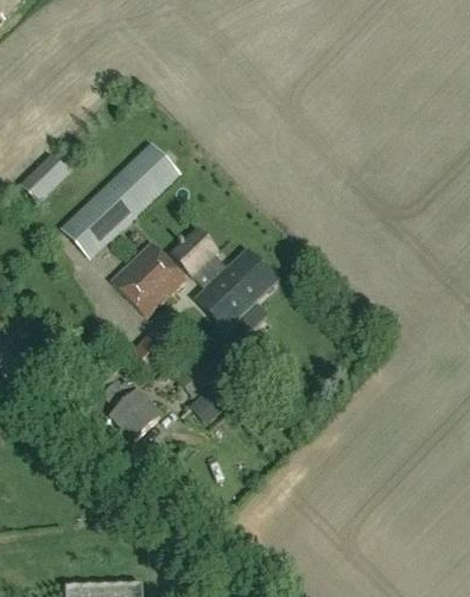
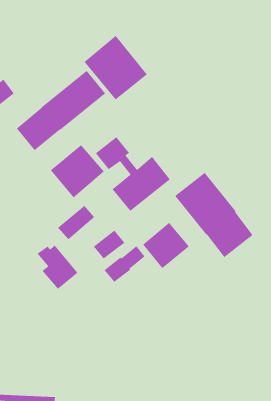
building: none -> [83,35,148,100]
building: none -> [174,172,254,258]
building: none -> [142,222,190,269]

